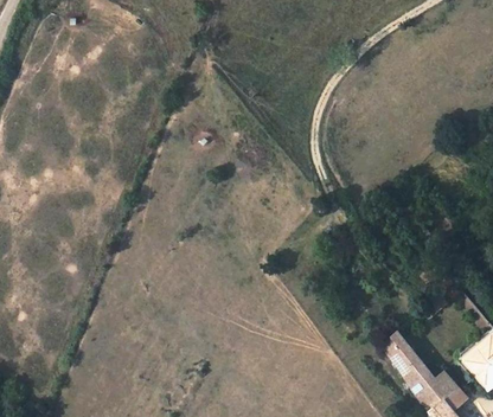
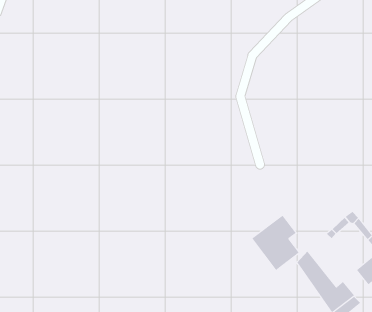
building: none -> [251,215,299,271]

